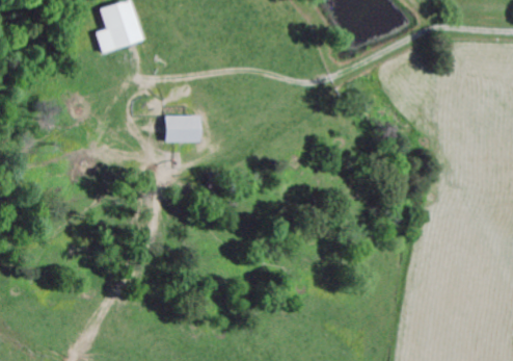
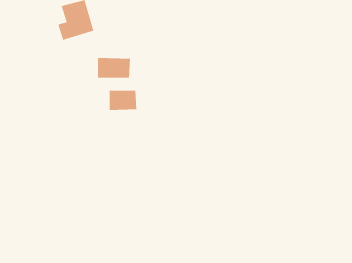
building: none -> [97,57,130,79]

